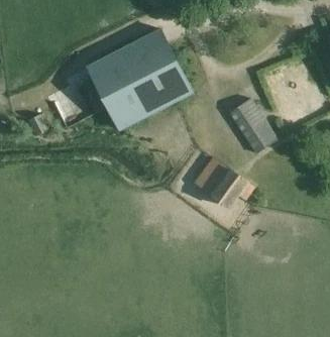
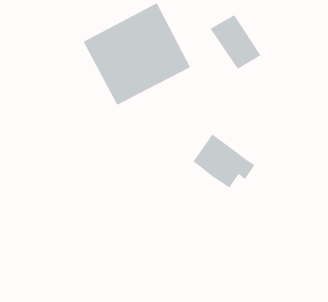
building: [227,100,278,154] -> [210,14,261,70]

